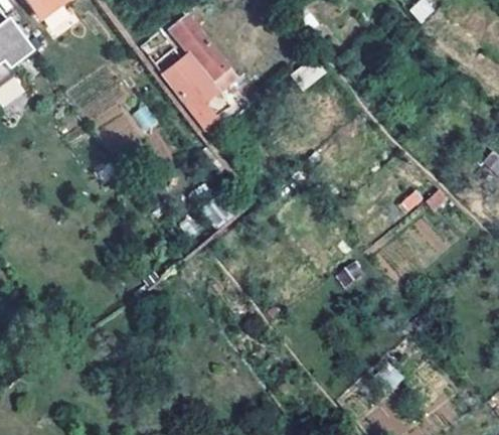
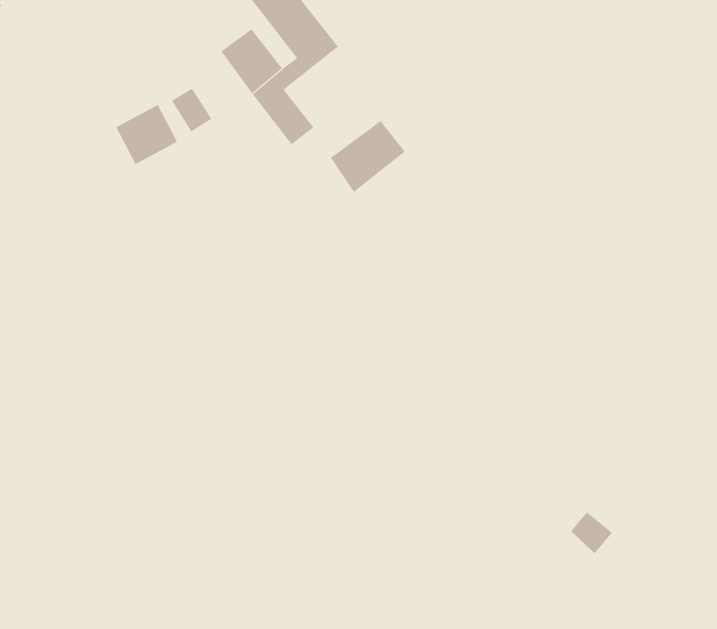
building: none -> [330,120,406,193]

